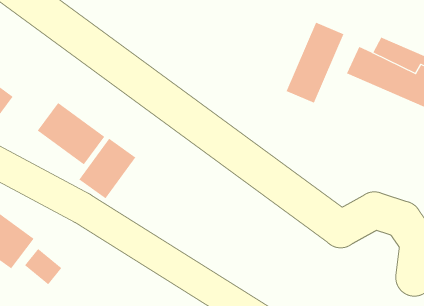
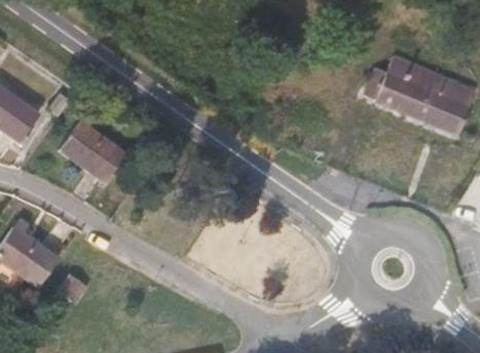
building: [286,22,344,104] -> none
building: [78,138,136,199] -> none

